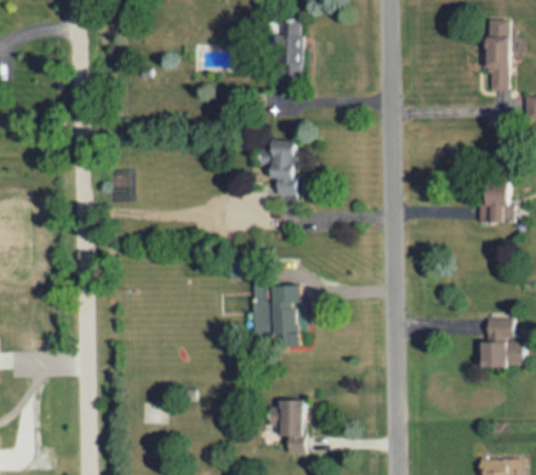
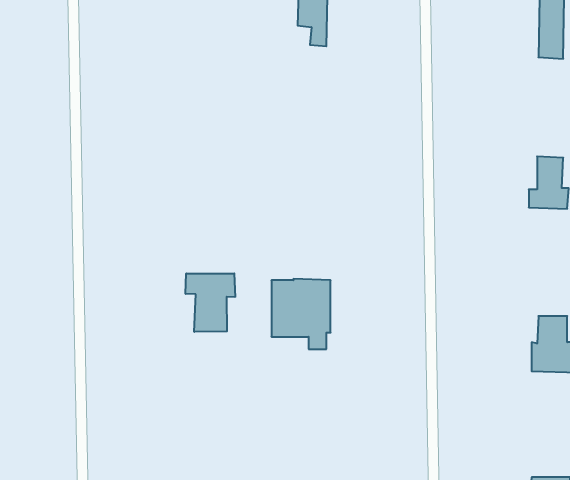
building: [258,139,295,195] -> none
building: none -> [186,273,235,332]
building: [269,400,303,452] -> none

